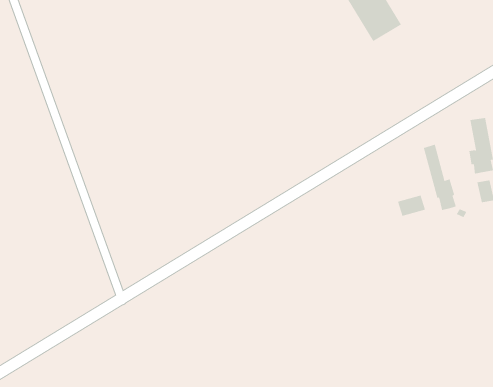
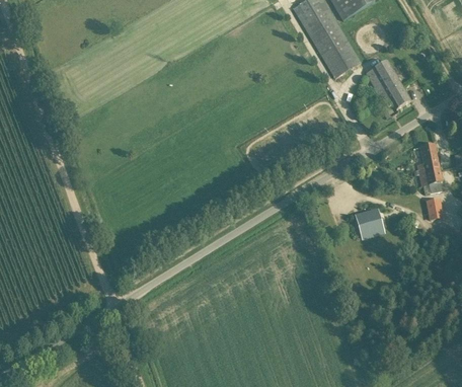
building: none -> [366,60,409,108]
building: [423,144,457,211] -> none

